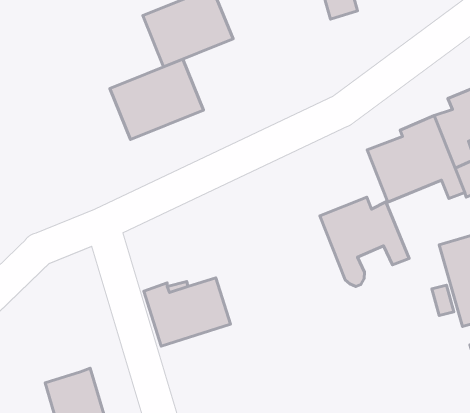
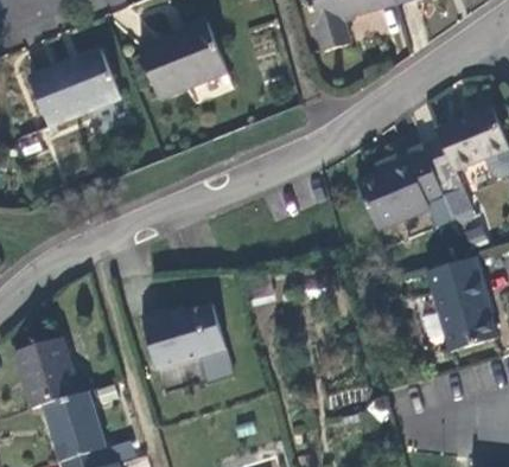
building: [110,59,204,140] -> [30,47,121,126]
building: [320,197,409,286] -> none
building: none -> [15,335,79,408]

